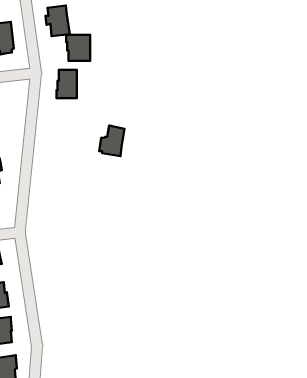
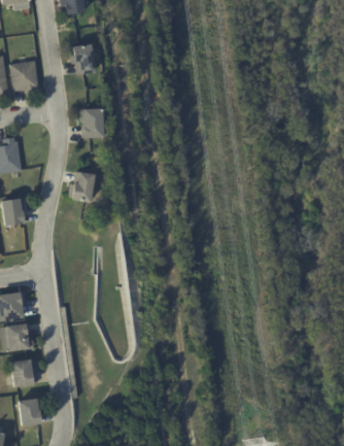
building: [66,35,90,61] -> none
building: [99,126,125,156] -> [68,171,94,202]

